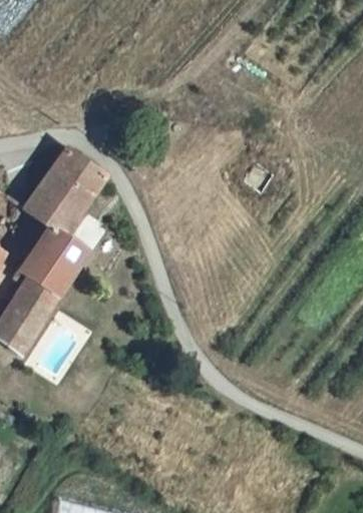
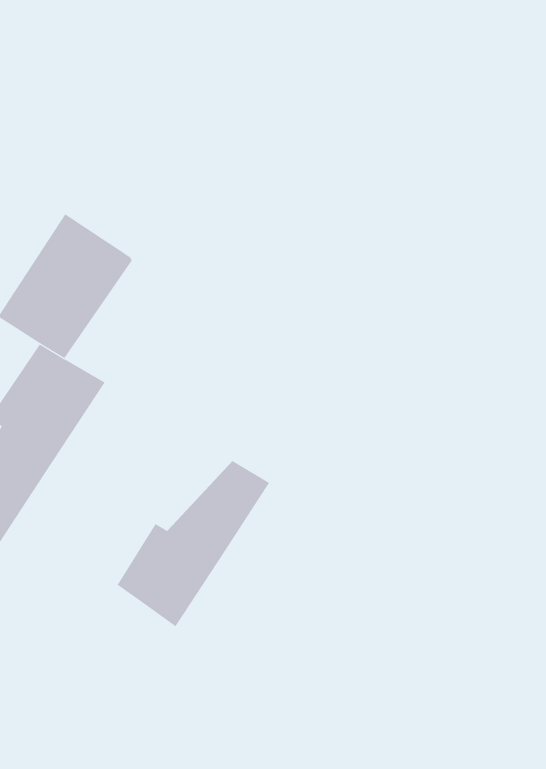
building: none -> [117,460,270,627]

